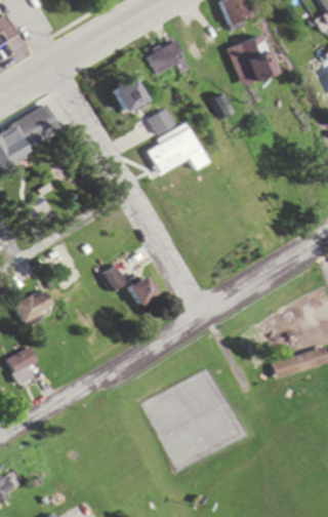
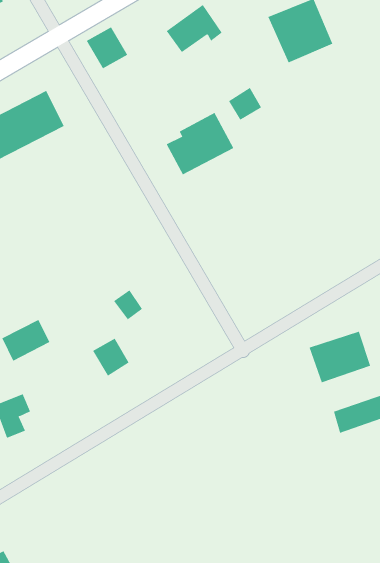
building: [107,80,140,114] -> [86,27,128,69]
building: [145,109,171,135] -> [228,87,262,121]
building: [127,277,157,308] -> [92,338,129,376]
building: none -> [309,331,371,383]

